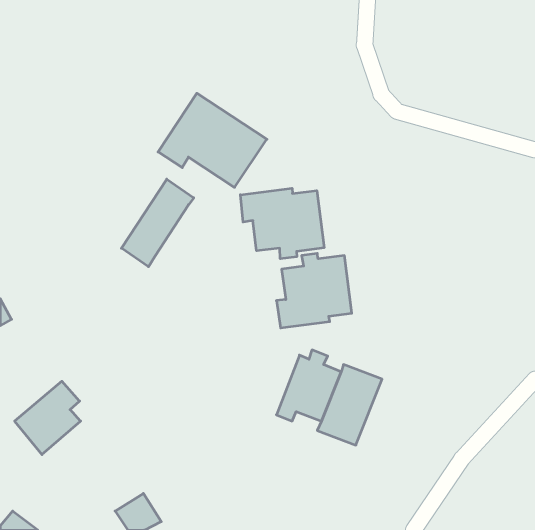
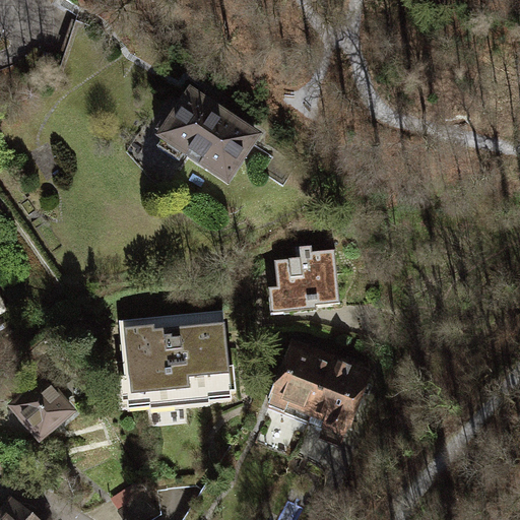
building: [121,179,194,267] -> none
building: [240,188,324,259] -> none
building: none -> [119,311,228,407]

